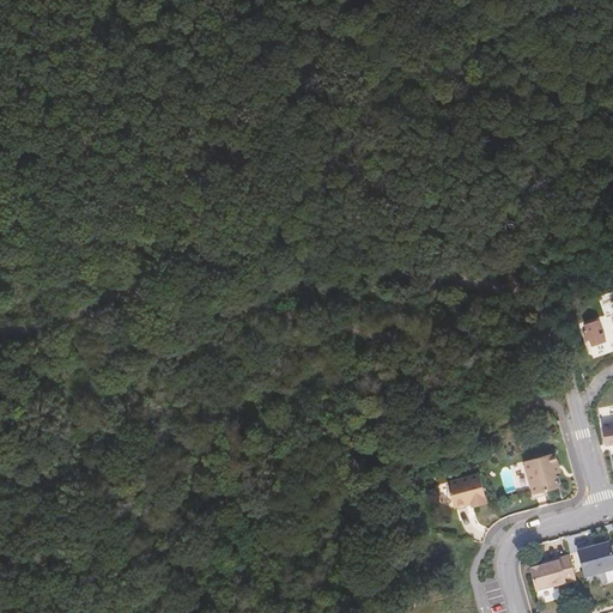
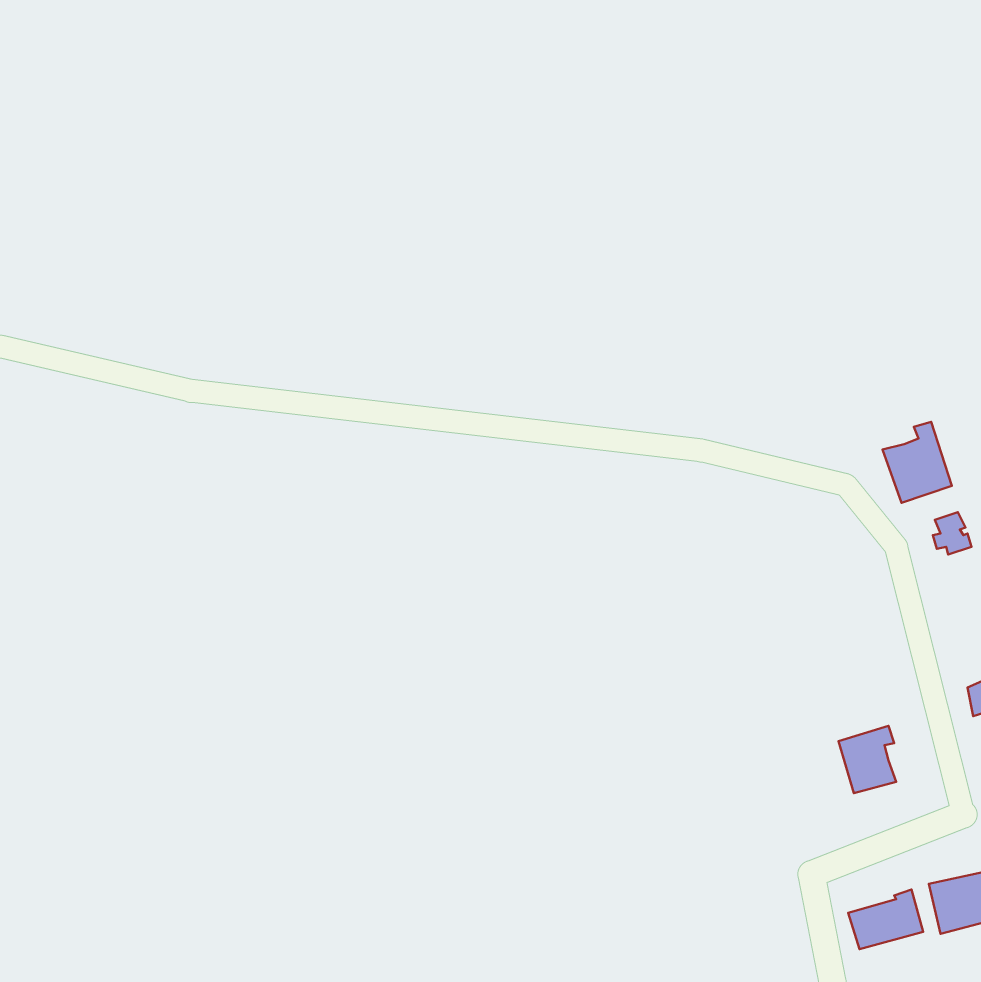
building: none -> [883,422,952,503]
building: [447,473,485,505] -> none

